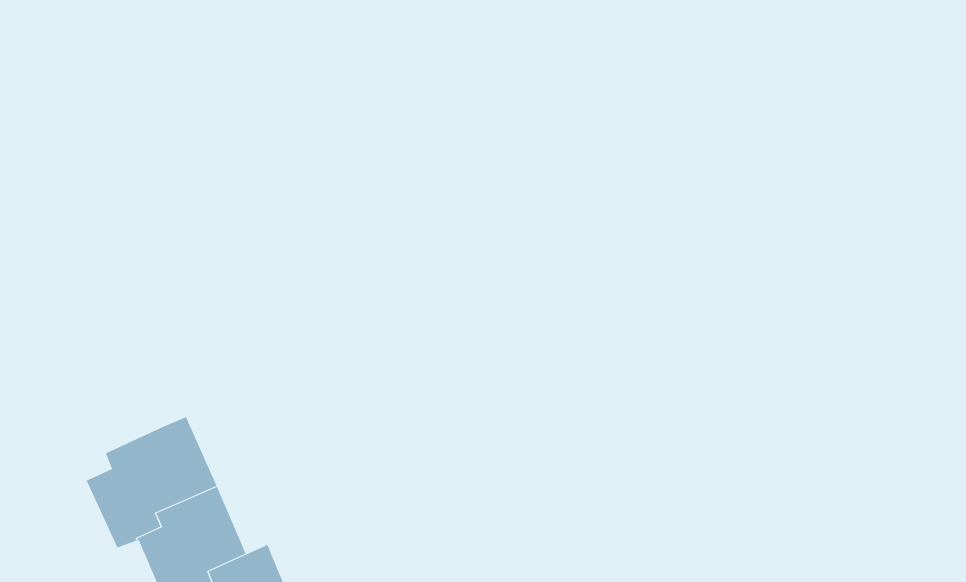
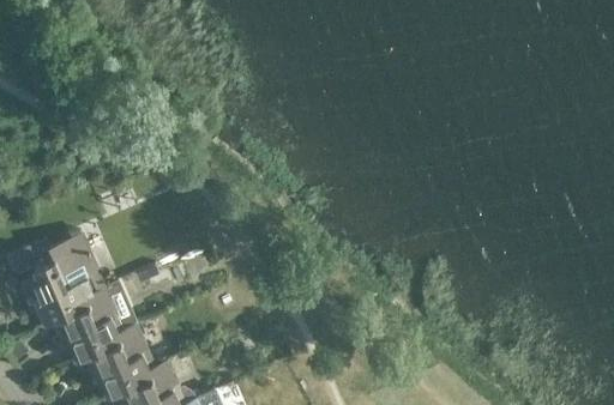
building: none -> [24,235,104,330]

